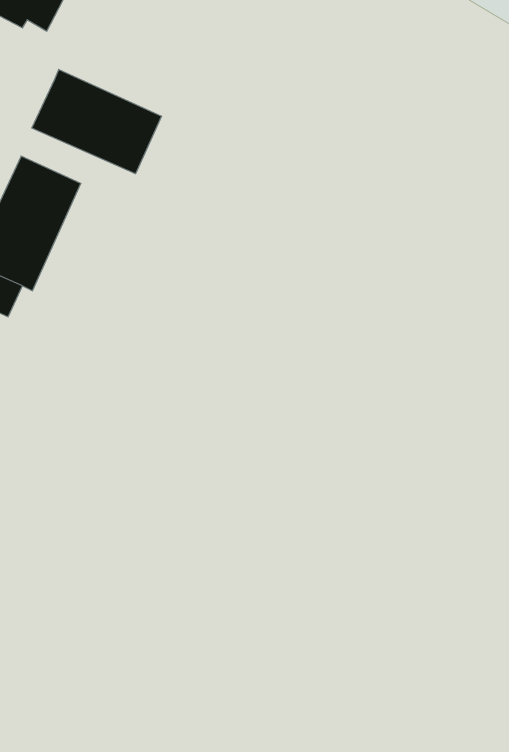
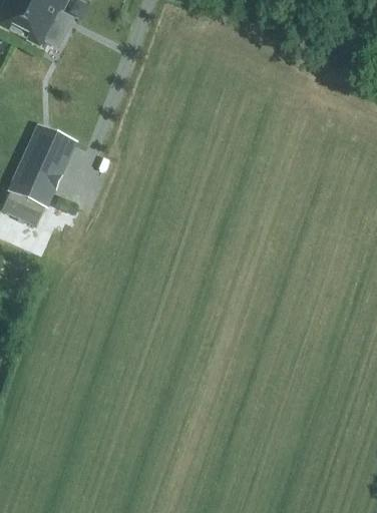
building: [32,69,161,174] -> none

